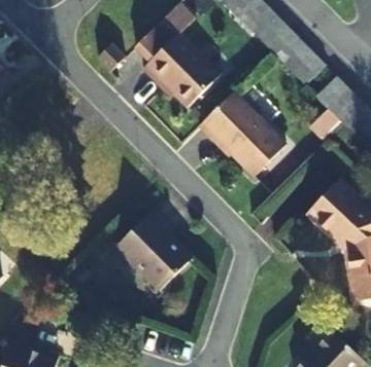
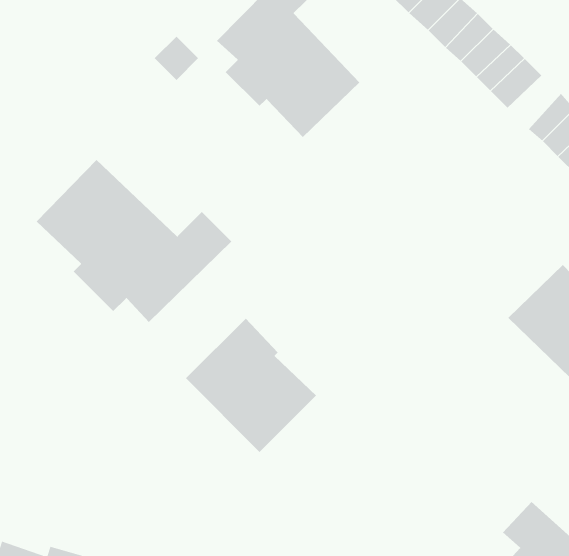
building: [197,91,285,177] -> none
building: none -> [36,159,232,323]

